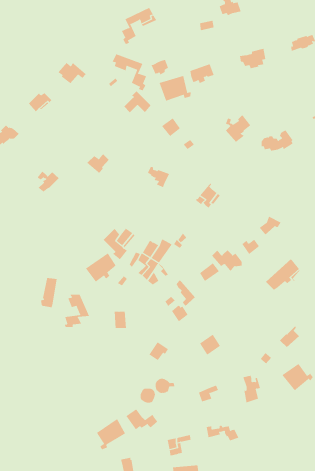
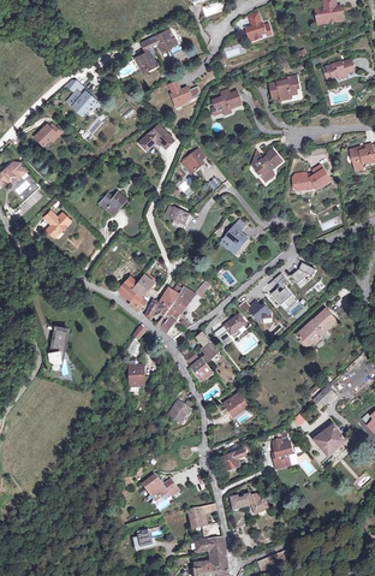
building: [112,54,147,91] -> none
building: [159,75,191,101] -> none
building: [85,253,116,282] -> none
building: [64,294,90,328] -> none
building: [96,418,126,450] -> none

